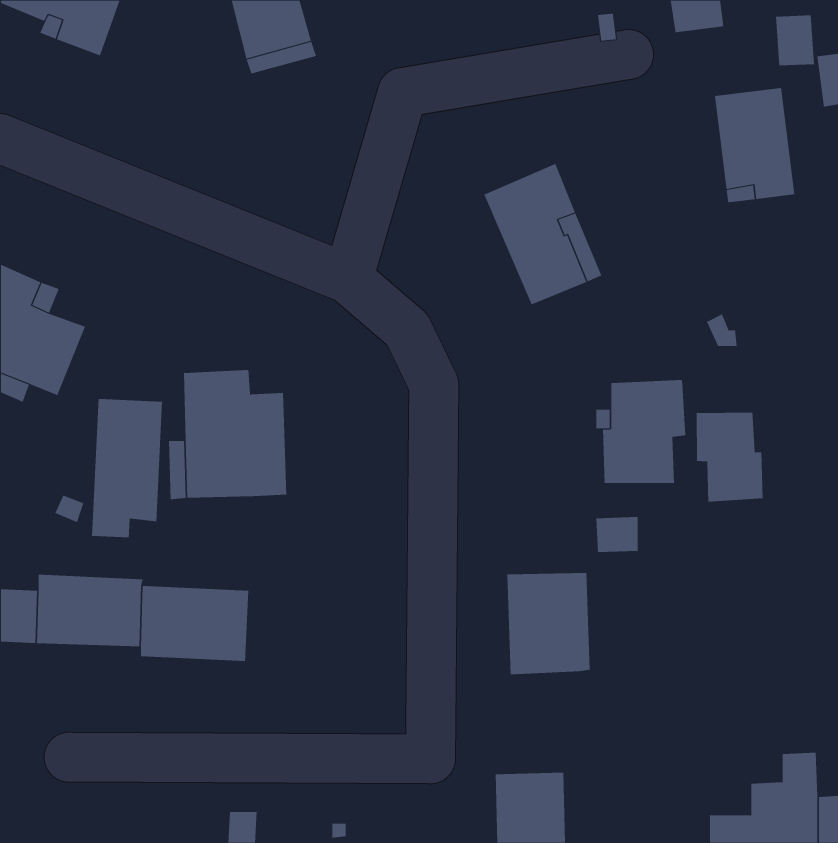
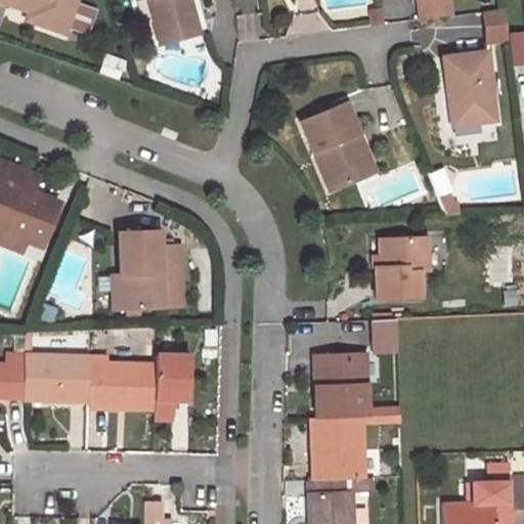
building: [92,398,163,538] -> none
building: [696,412,763,502] -> none
building: none -> [156,356,191,420]
building: none -> [314,417,365,480]

